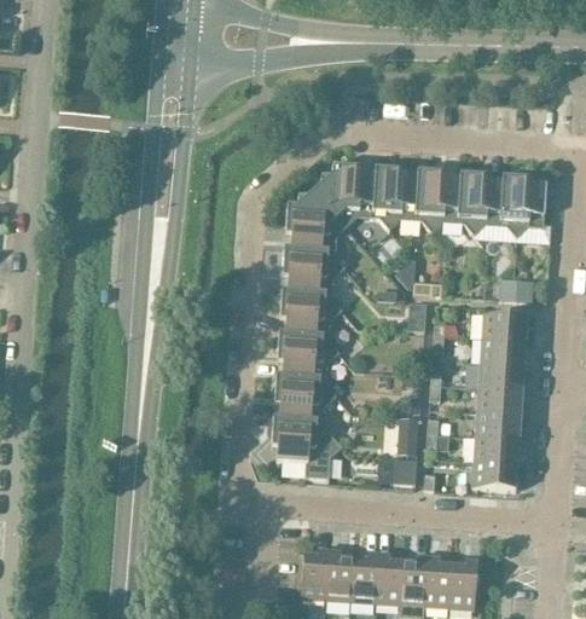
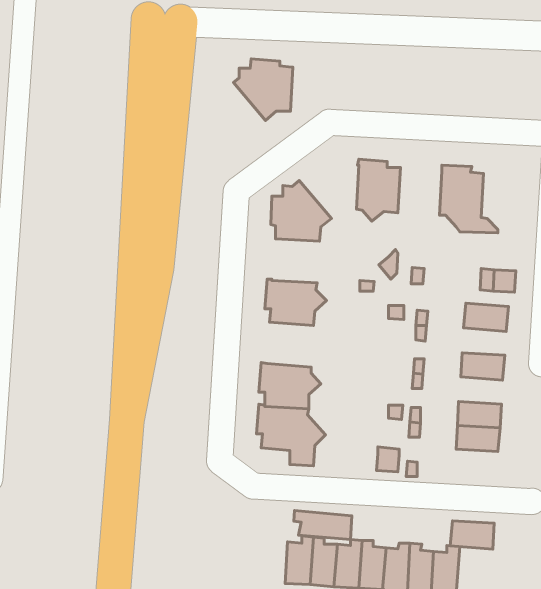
building: [314,163,375,226] -> [233,59,293,121]
building: [414,169,459,231] -> none
building: [499,174,551,243] -> none
building: [282,245,344,291] -> none
building: [277,330,338,377] -> none
building: [480,337,524,365] -> none
building: [476,387,521,415] -> none
building: [471,461,516,490] -> [450,521,494,549]
building: none -> [294,511,352,539]

